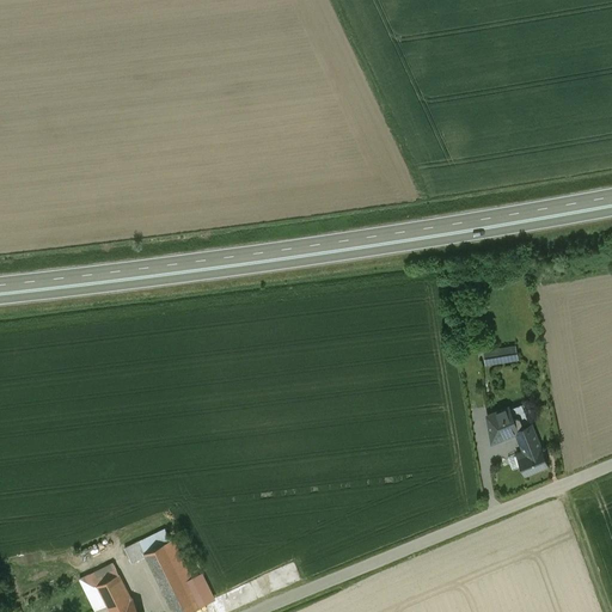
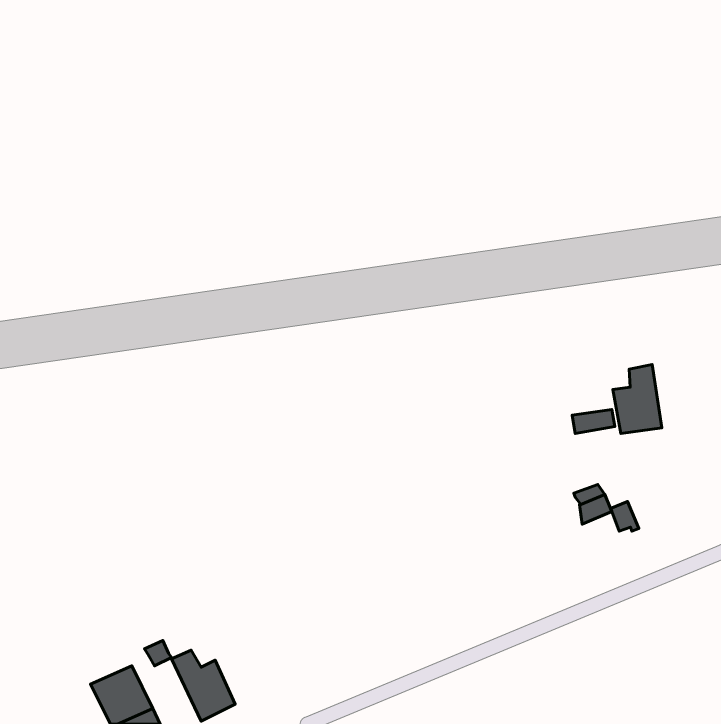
building: none -> [613,365,662,434]
building: [519,445,549,472] -> none

